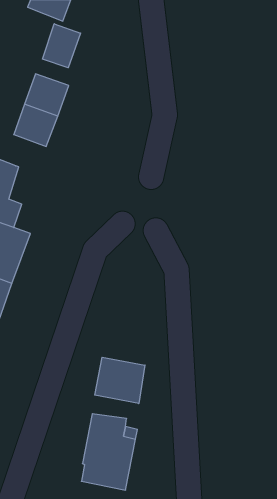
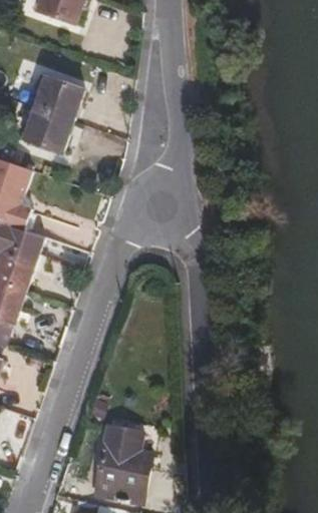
building: [43,24,81,68] -> none
building: [95,357,145,404] -> none

